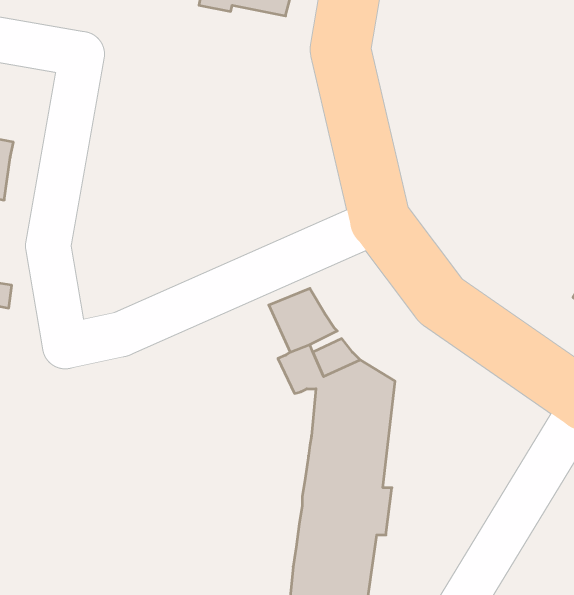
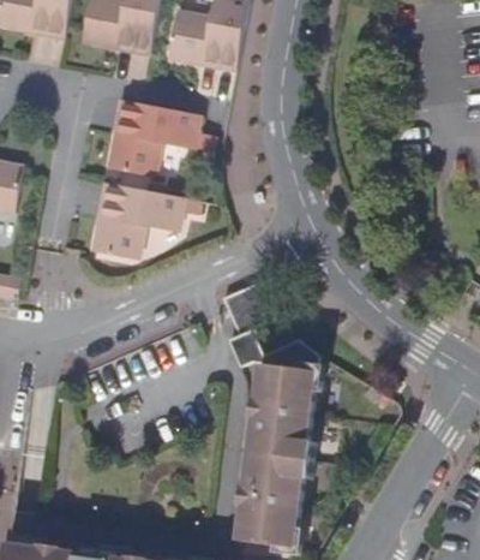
building: none -> [106,103,214,178]
building: none -> [90,185,182,261]

